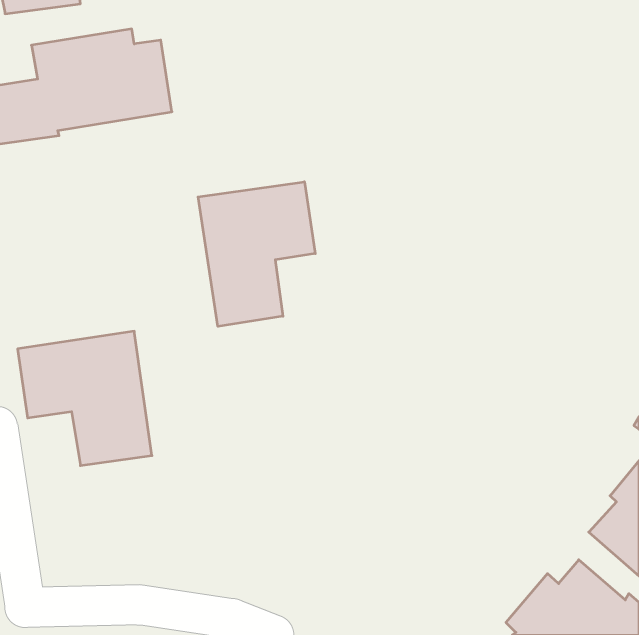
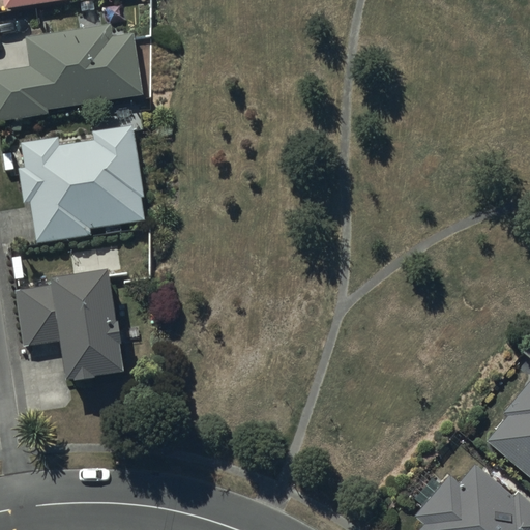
building: none -> [18,123,149,243]
building: [198,182,315,326] -> none

